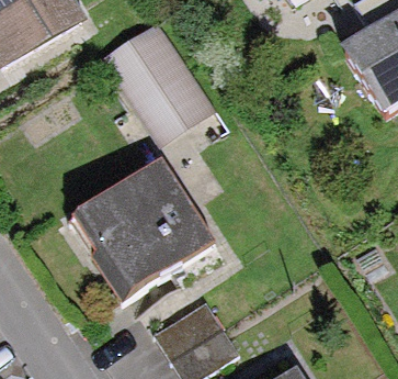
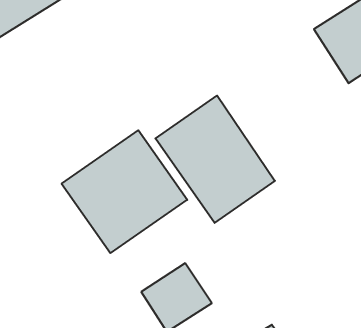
building: [101,32,204,141] -> none
building: none -> [155,96,275,223]

